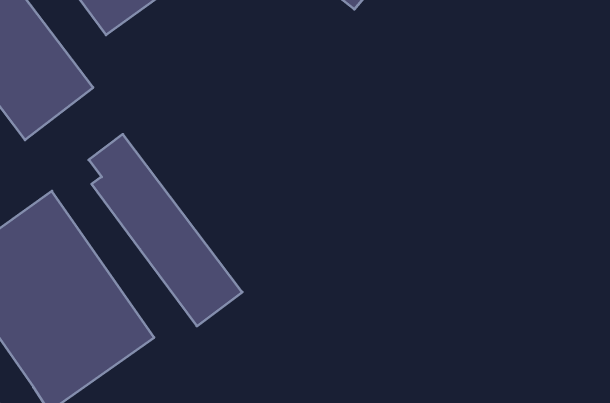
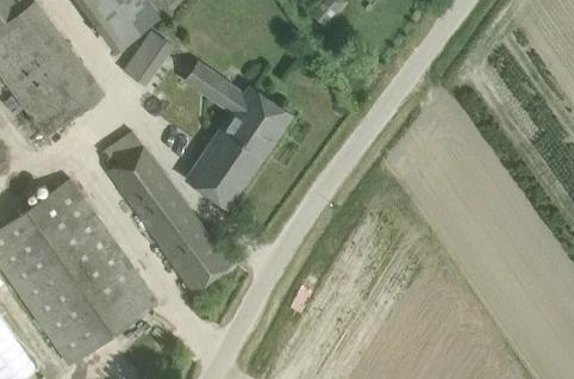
building: none -> [121,30,174,86]
building: none -> [186,69,292,209]

